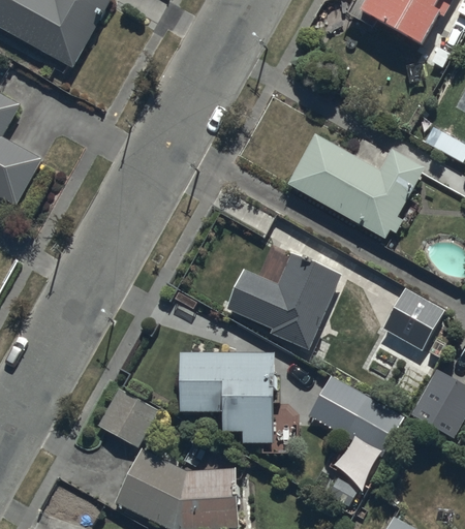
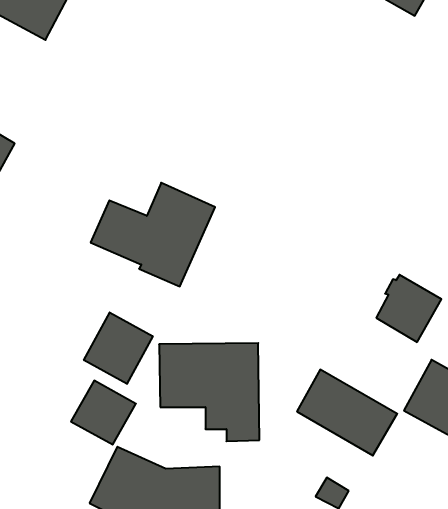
building: [285,132,425,239] -> none
building: [225,252,342,349] -> [91,183,215,286]
building: none -> [84,312,153,384]

